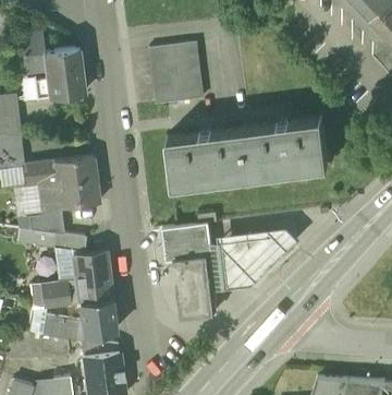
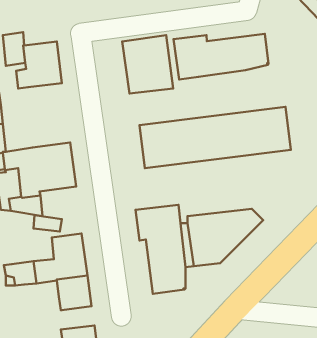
building: none -> [174,34,268,79]
building: [42,316,84,339] -> none

